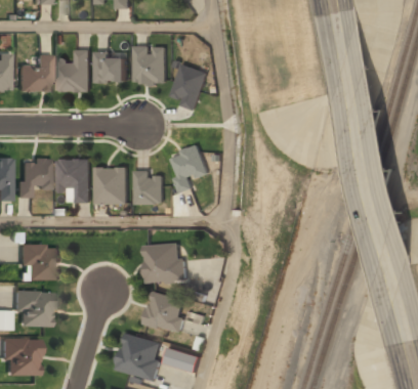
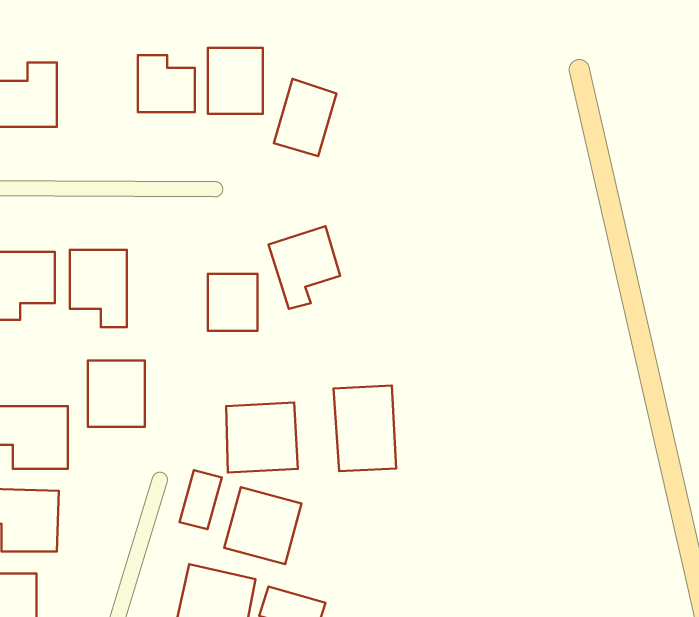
building: [58,48,91,90] -> none
building: [96,167,128,204] -> [88,360,145,427]
building: none -> [334,385,396,471]
building: none -> [180,470,222,529]

